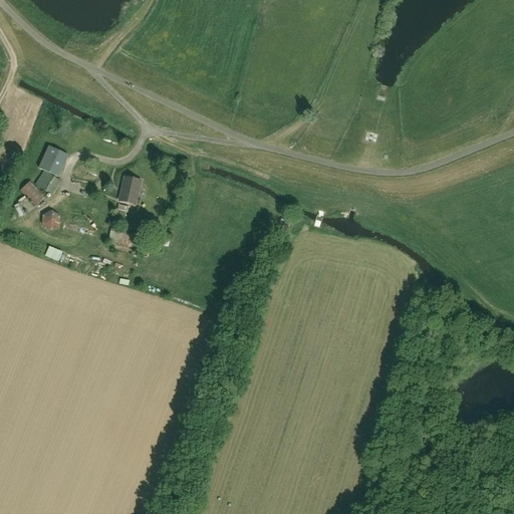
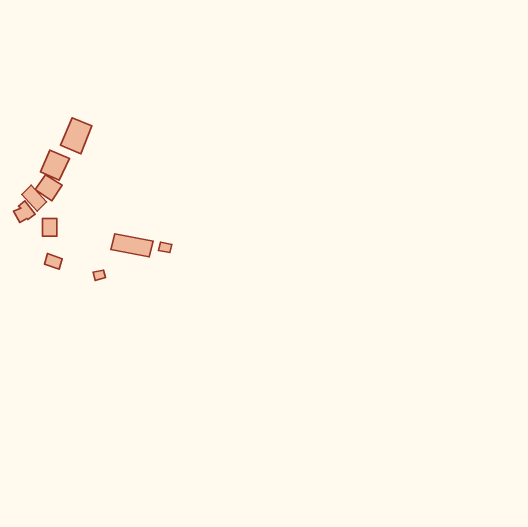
building: none -> [61,118,92,154]
building: [120,176,142,204] -> none

